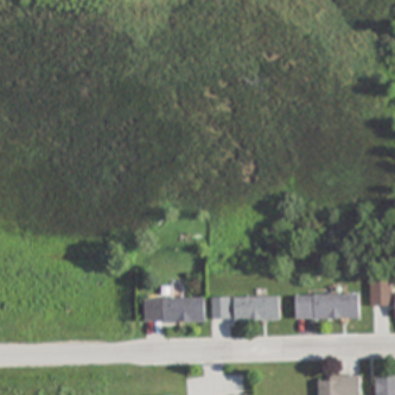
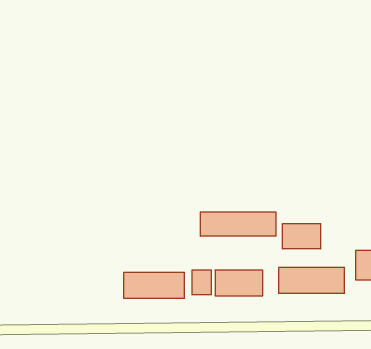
building: none -> [200,212,276,236]
building: none -> [283,224,321,249]

